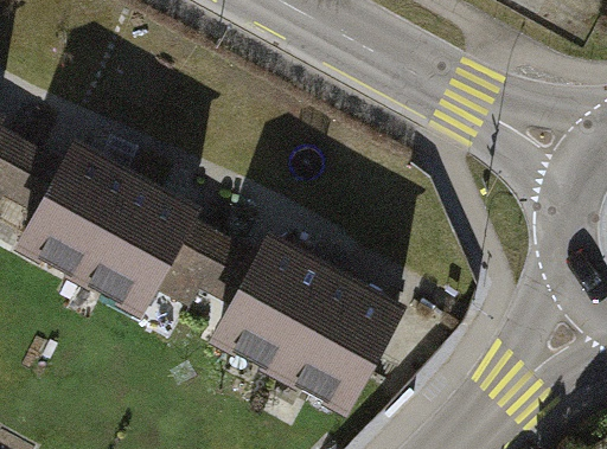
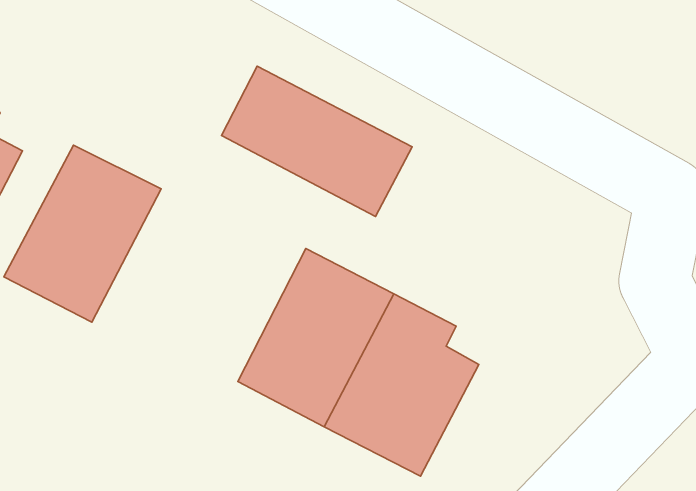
building: none -> [222,66,412,217]
building: [82,169,211,322] -> none

